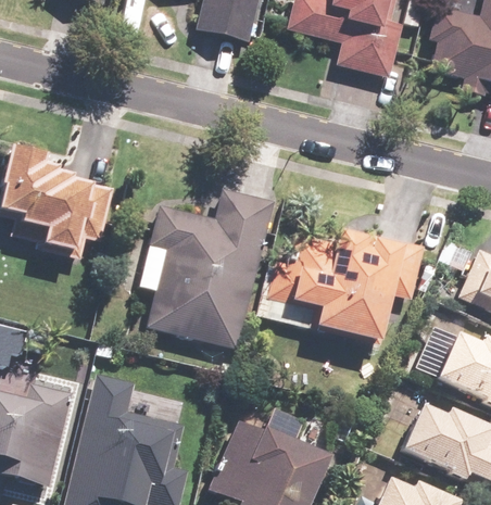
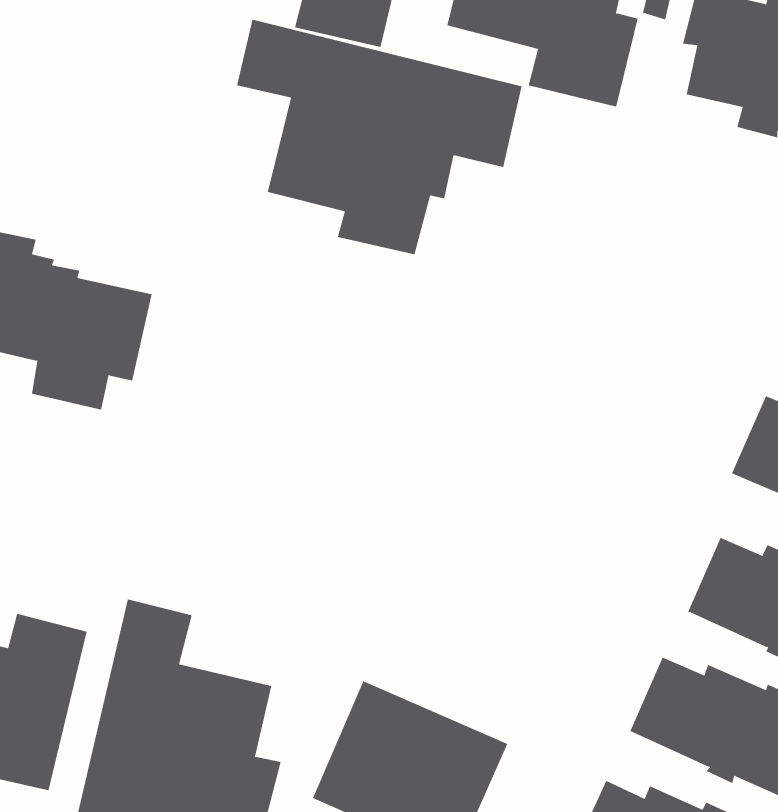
building: none -> [237,19,522,255]
building: [139,188,273,350] -> none
building: [267,231,424,342] -> none

